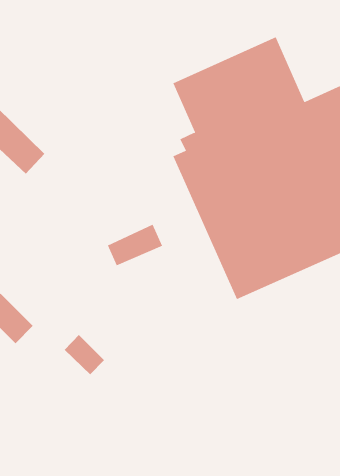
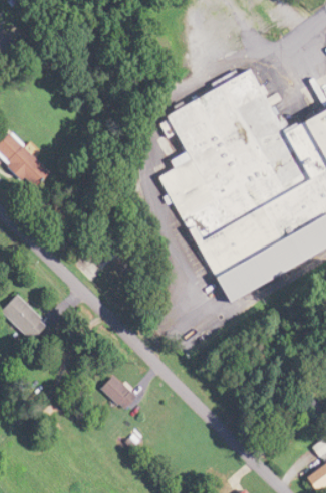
building: [107,224,163,266] -> none
building: [64,334,105,375] -> [102,375,138,411]

